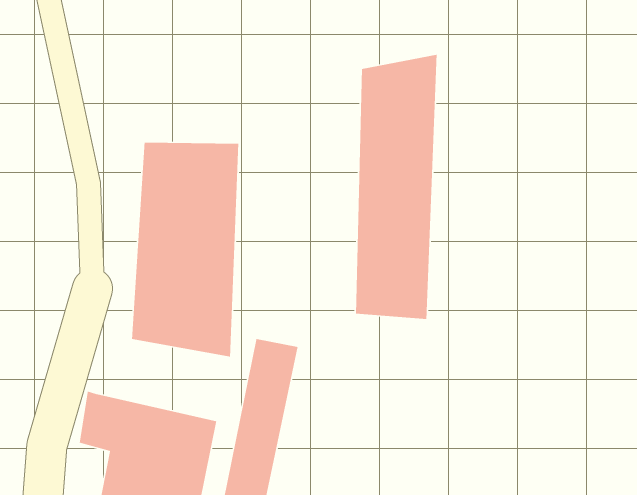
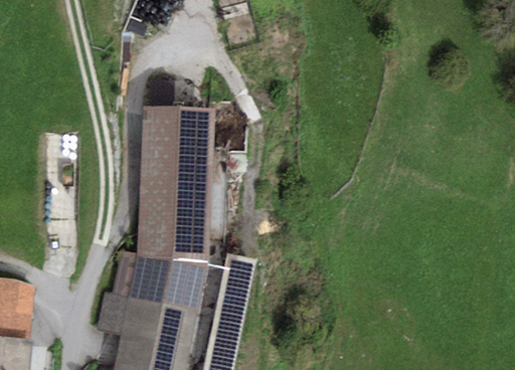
building: [355,54,438,320] -> none
building: none -> [111,251,208,314]

